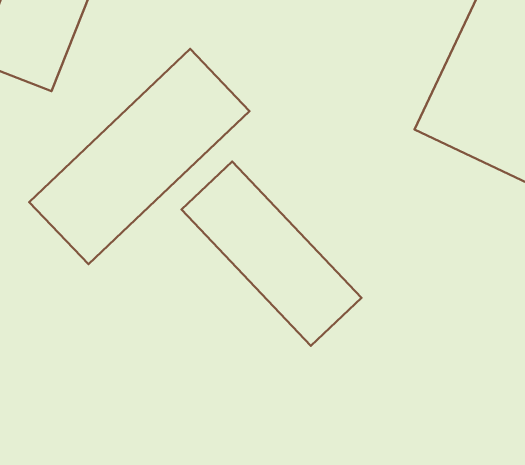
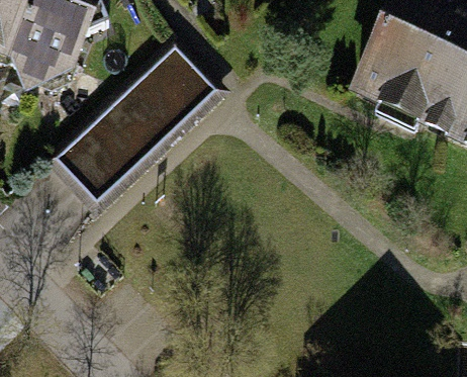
building: [181,162,362,346] -> none

